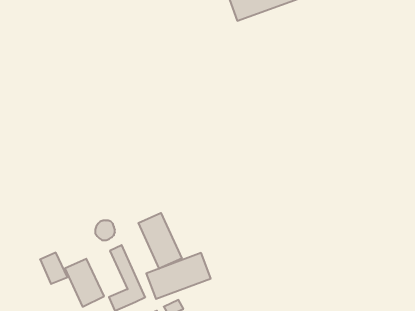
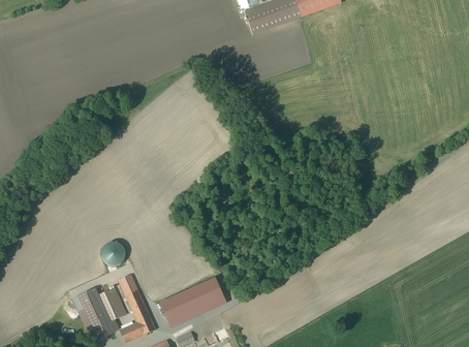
building: [138,213,182,269] -> none
building: [40,253,67,284] -> [98,284,127,317]

